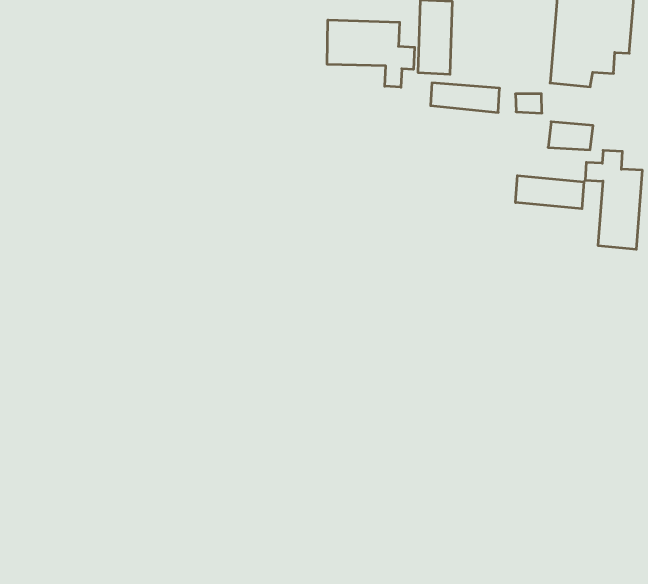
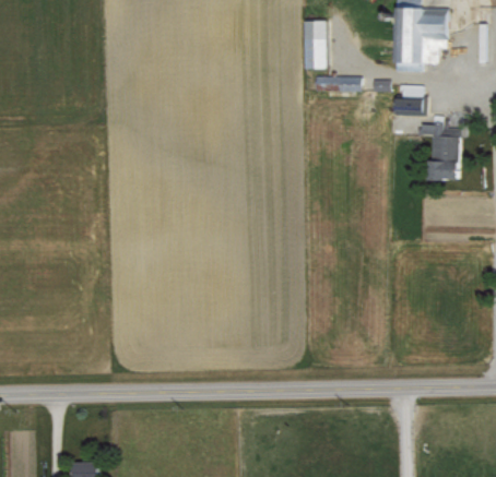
building: [327,20,415,87] -> none
building: [516,176,584,209] -> none

